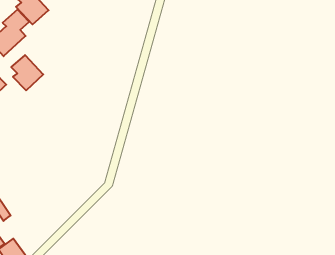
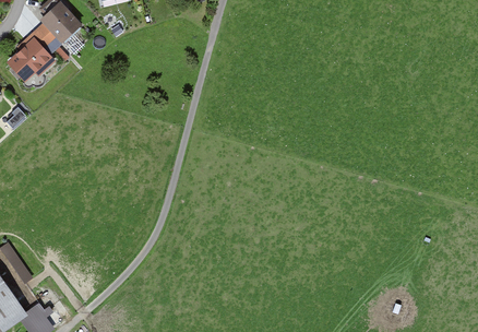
building: [11,55,43,90] -> none

